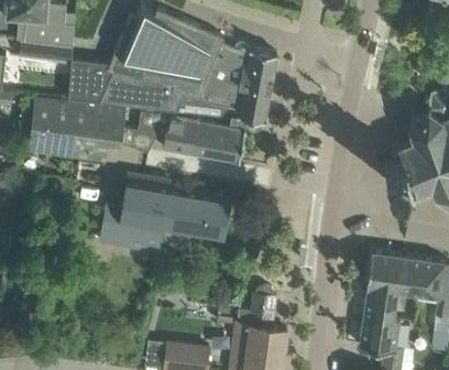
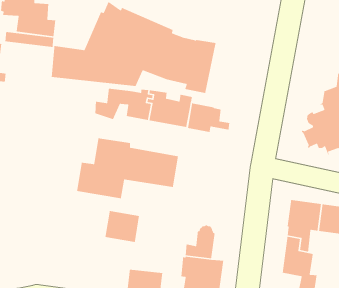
building: [28,101,123,162] -> none
building: none -> [187,103,230,133]
building: none -> [105,210,140,243]

